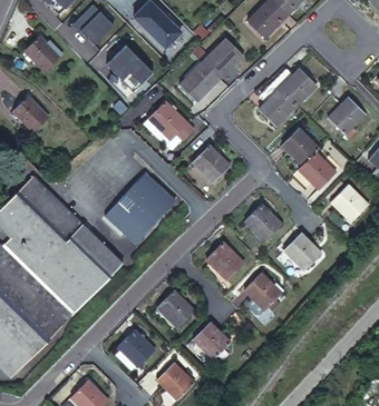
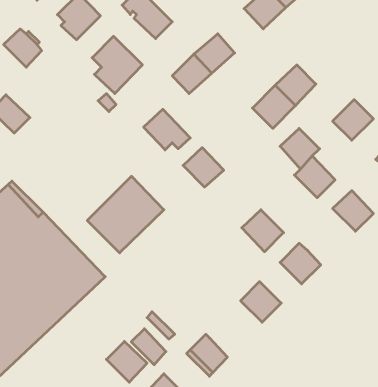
building: [206,244,243,280] -> none
building: [162,288,194,321] -> [131,329,166,365]

